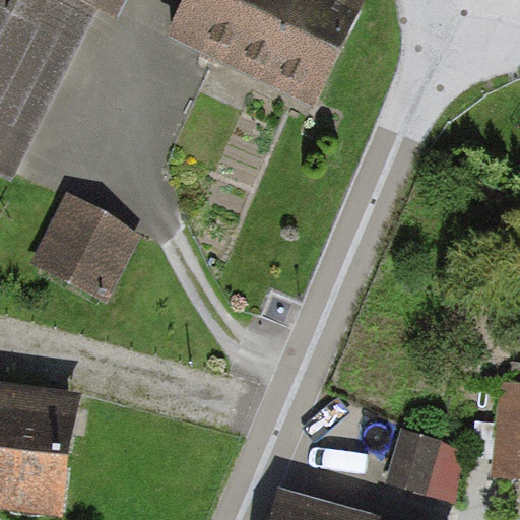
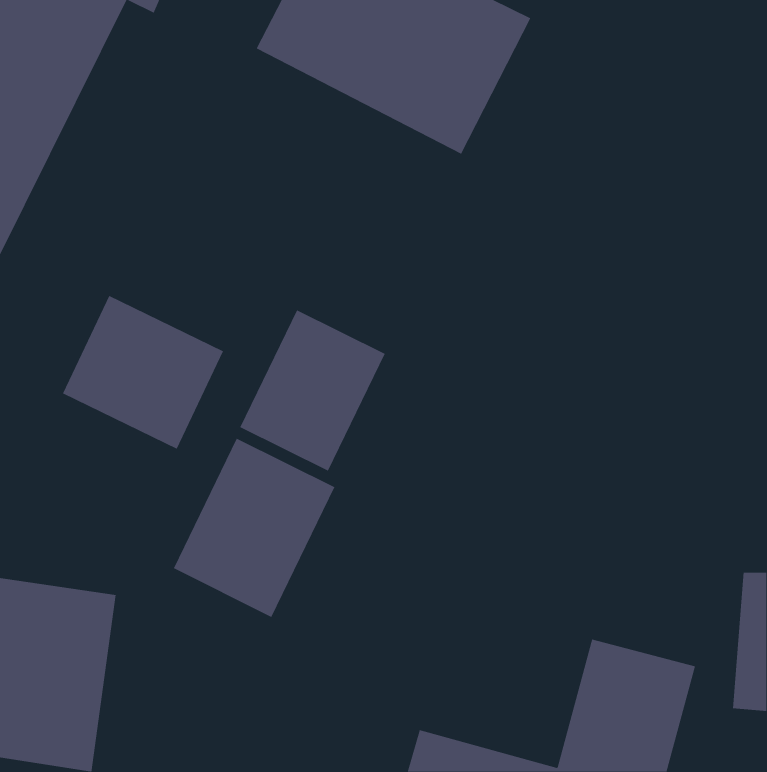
building: none -> [240,309,386,472]
building: none -> [173,438,335,618]

